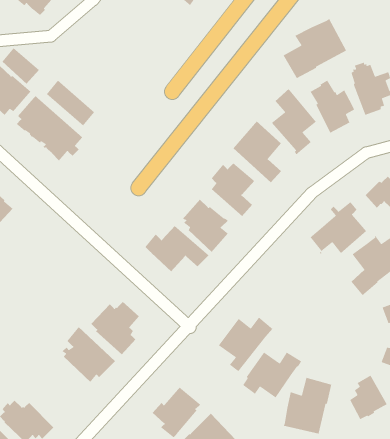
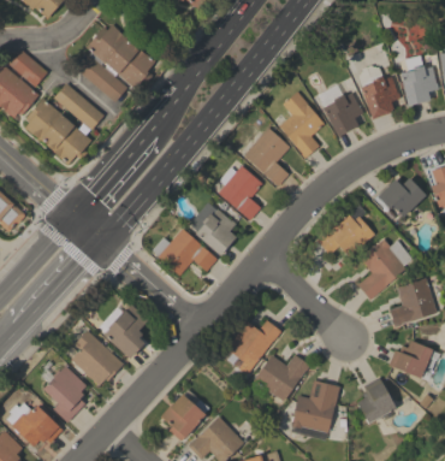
building: [283,18,347,79] -> none
building: none -> [77,25,155,102]
building: none -> [41,361,87,422]

